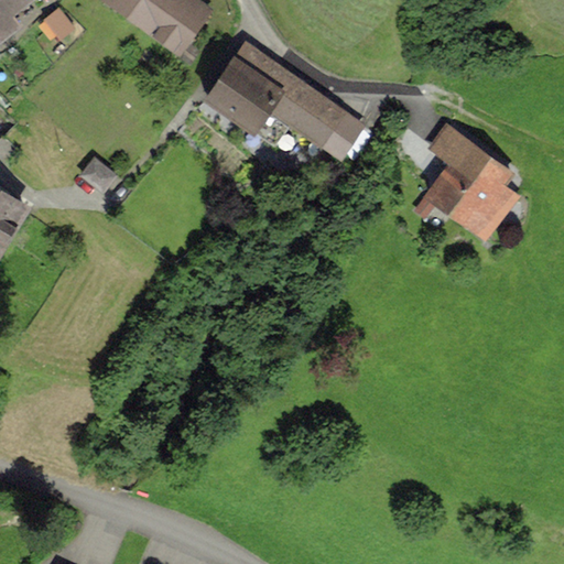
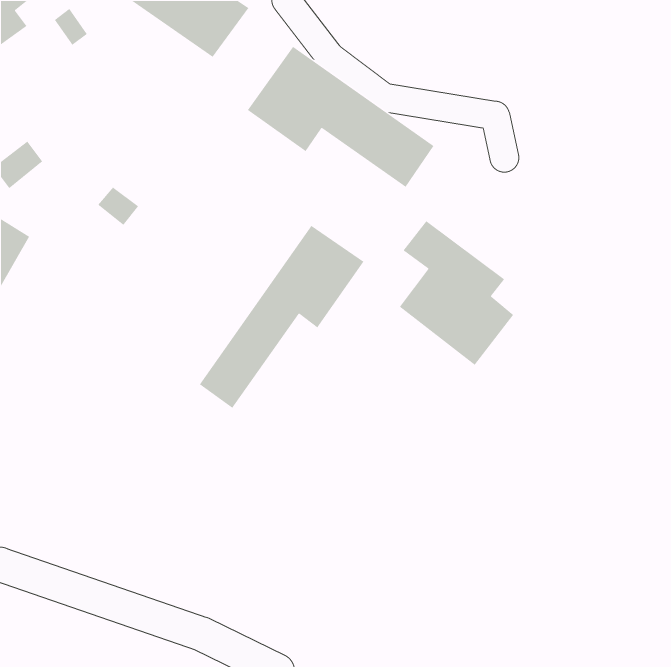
building: [422,120,519,242] -> [399,220,514,366]
building: none -> [199,225,364,409]

